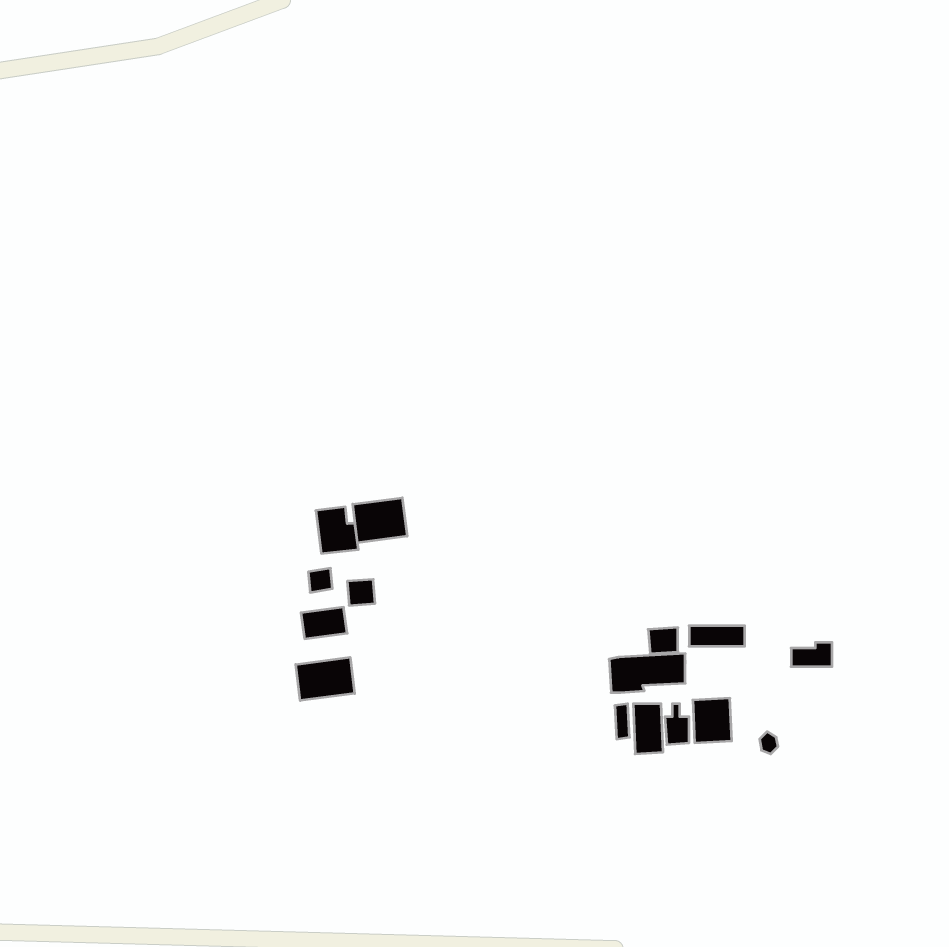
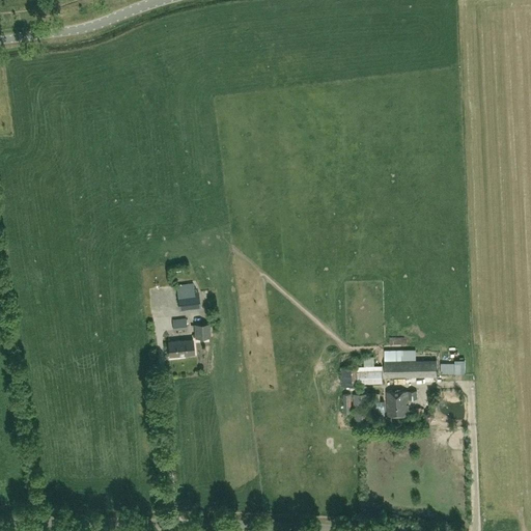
building: [353,498,407,543] -> none
building: none -> [386,361,437,378]
building: [296,657,355,701] -> none

